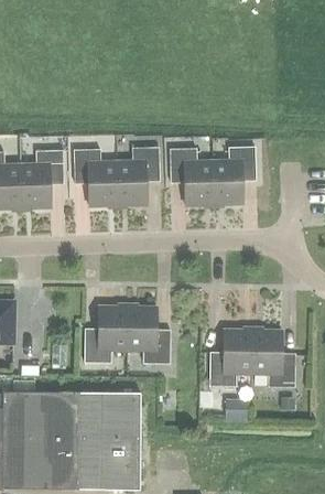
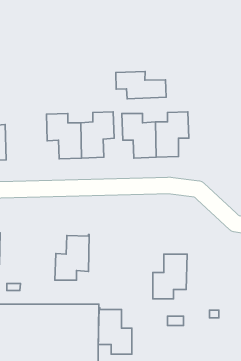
building: none -> [116,71,166,99]
building: [20,149,63,207] -> none
building: [127,303,170,363] -> [98,308,132,354]
building: [252,329,295,387] -> none

